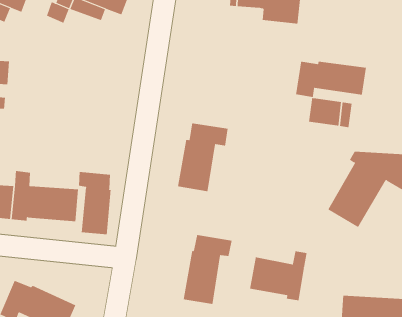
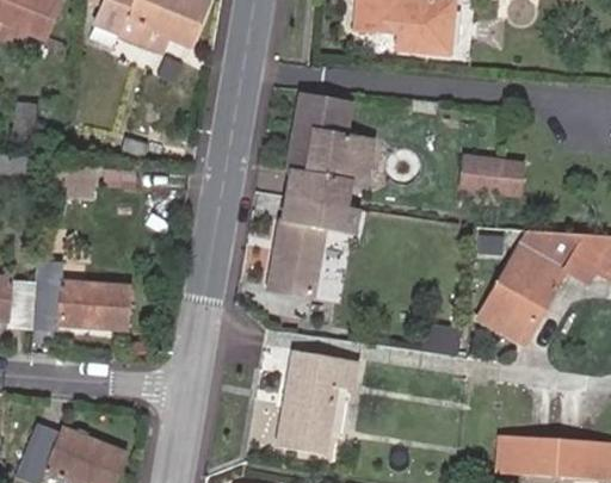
building: none -> [290,93,370,202]
building: [295,61,366,98] -> none
building: [79,171,111,235] -> none
building: [250,251,307,301] -> none

